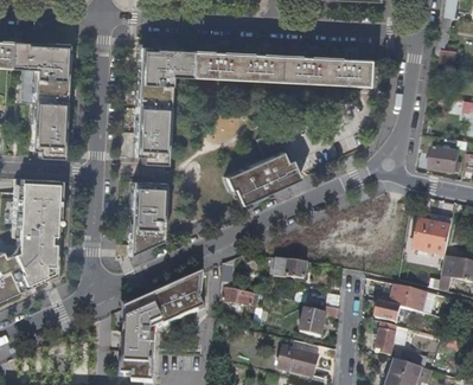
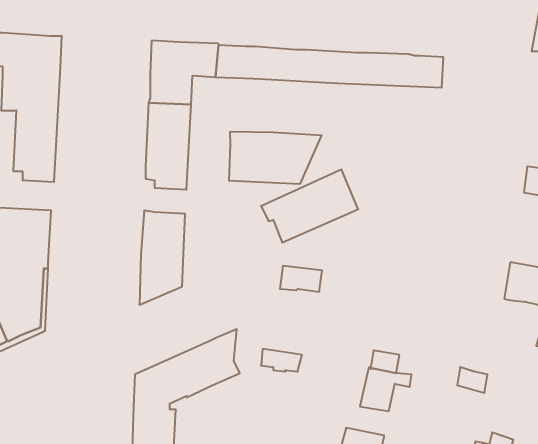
building: none -> [229,132,321,184]
building: [274,258,307,278] -> [280,266,322,292]
building: [389,285,427,313] -> none
building: [373,322,407,355] -> none

